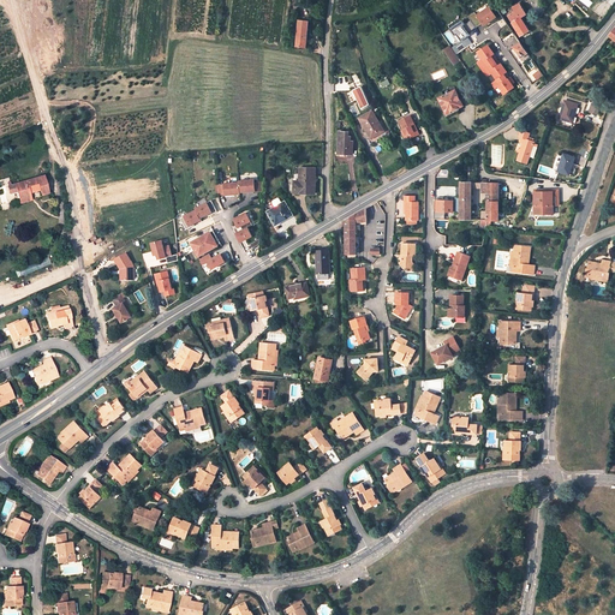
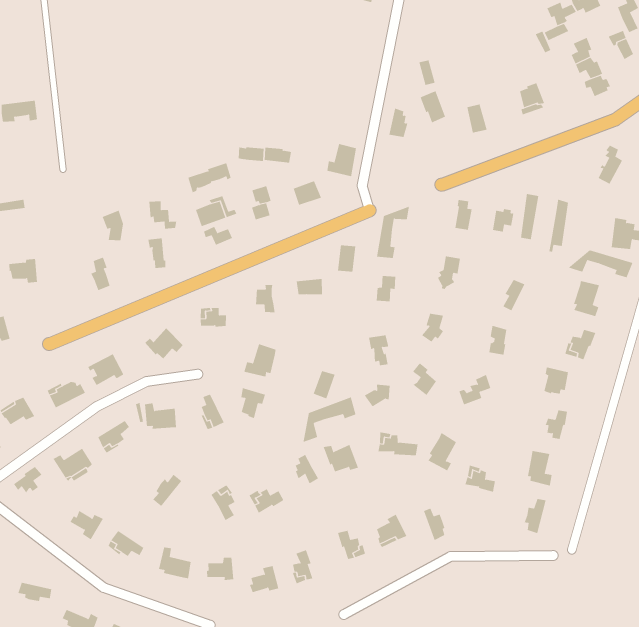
building: none -> [567,249,633,278]
building: none -> [303,396,356,443]

